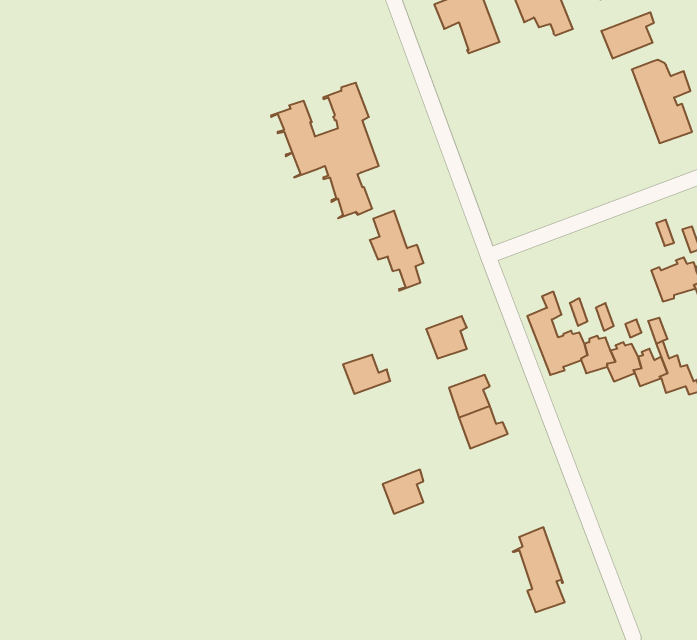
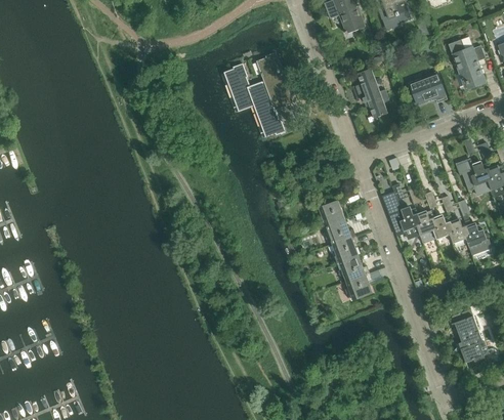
building: [601,12,654,59] -> none
building: none -> [409,72,447,104]
building: [370,211,424,291] -> [354,68,388,118]
building: [343,355,390,394] -> [326,219,355,244]
building: [383,470,423,514] -> [346,272,372,300]
building: [513,527,565,612] -> [451,308,484,362]

